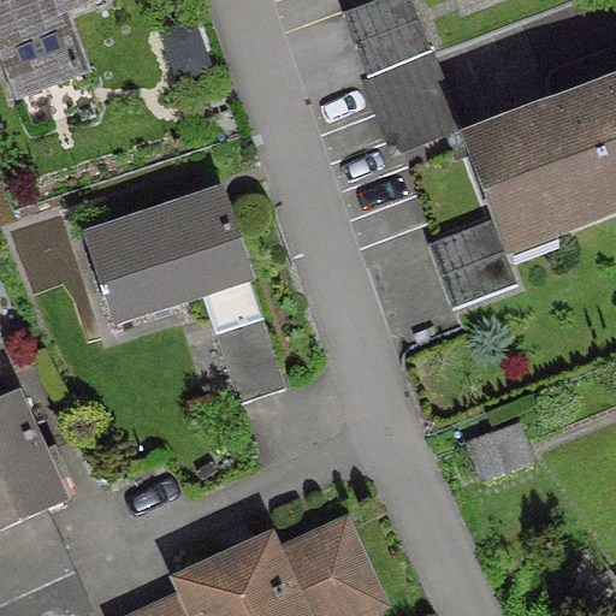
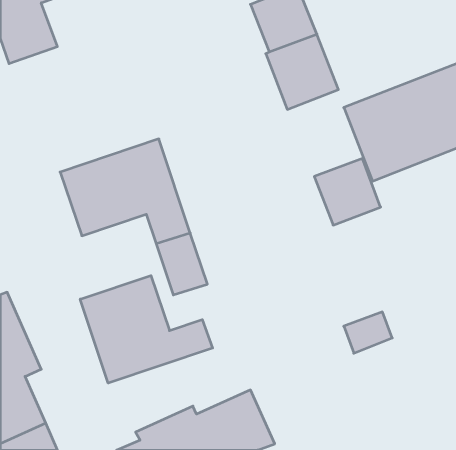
building: none -> [80,276,213,383]

